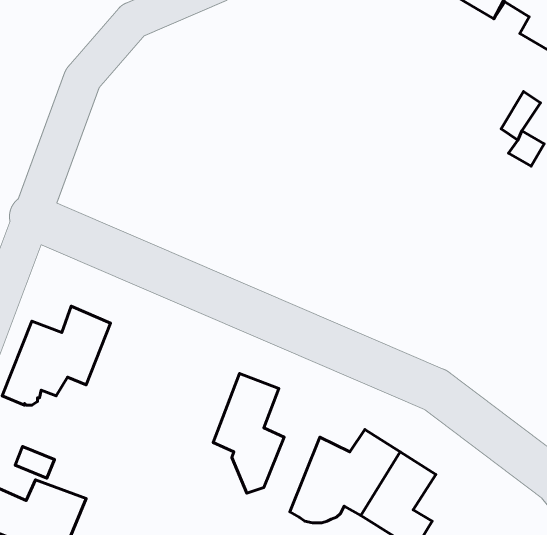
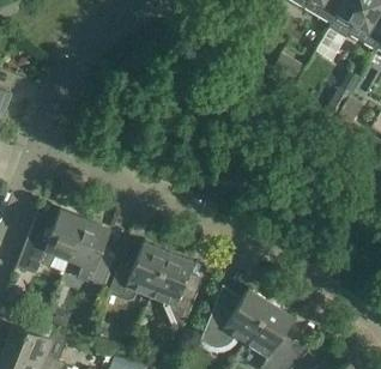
building: none -> [71,219,115,285]
building: none -> [109,242,169,301]

